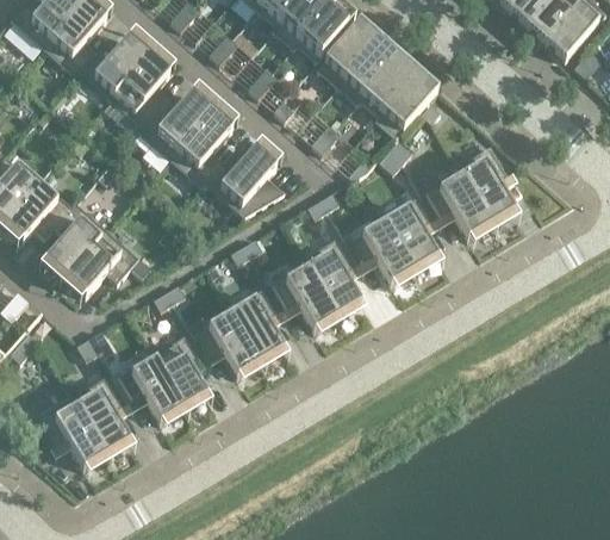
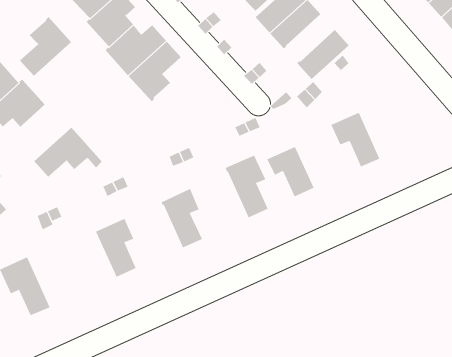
building: [361,55,418,116] -> none
building: [456,144,516,224] -> none
building: [206,148,282,210] -> none
building: [382,195,440,269] -> none
building: [46,200,108,277] -> [19,16,72,77]
building: [273,262,338,330] -> none
building: [199,312,262,375] -> none
building: [119,354,185,422] -> none
building: [73,374,131,454] -> none

